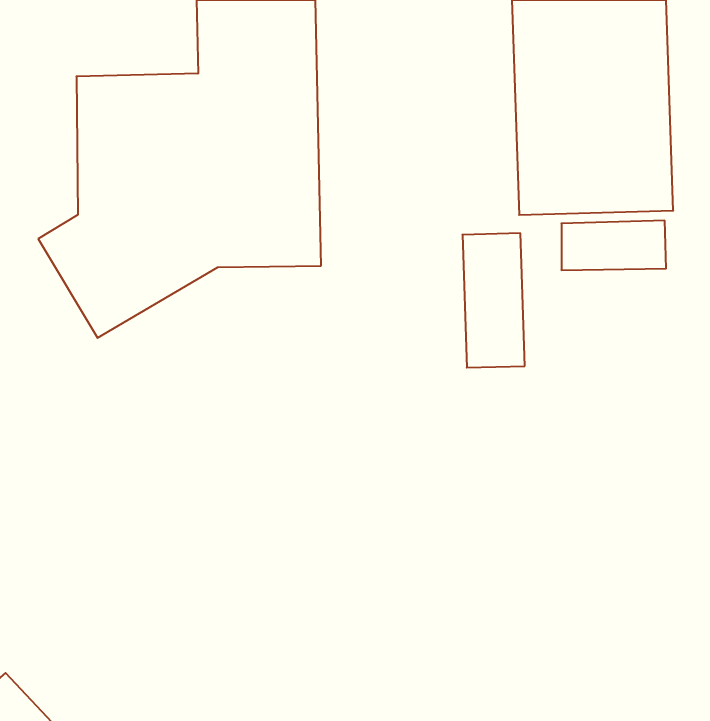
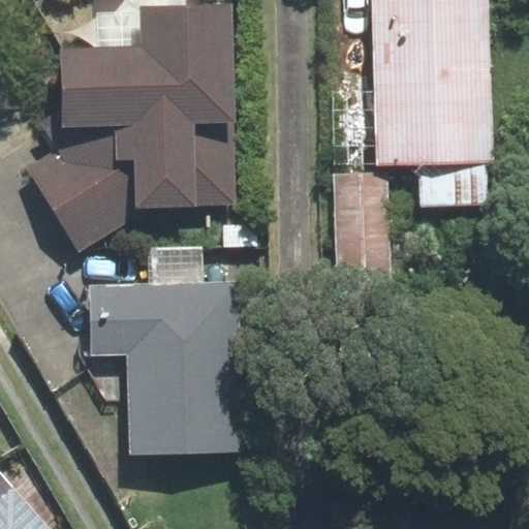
building: none -> [97,285,238,440]

